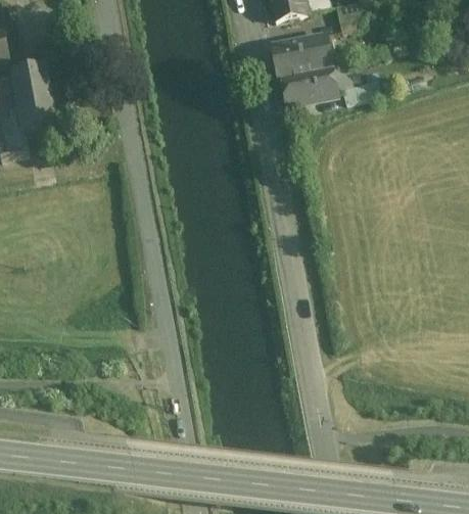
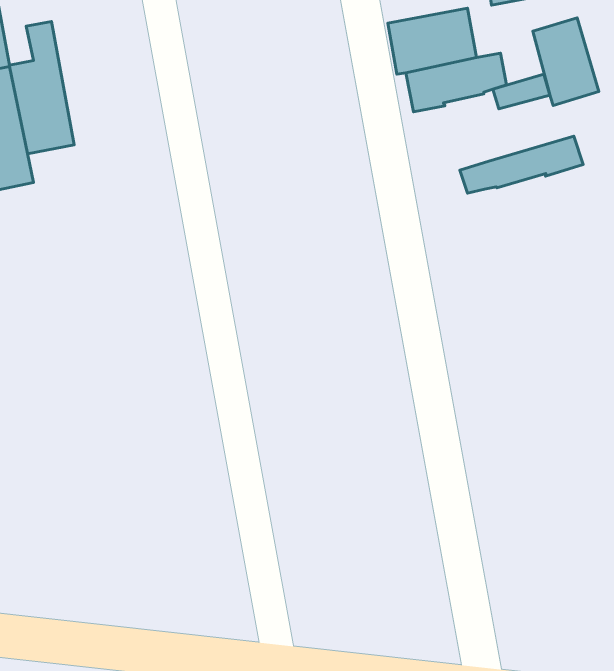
building: none -> [533,18,599,105]
building: none -> [460,136,583,193]

